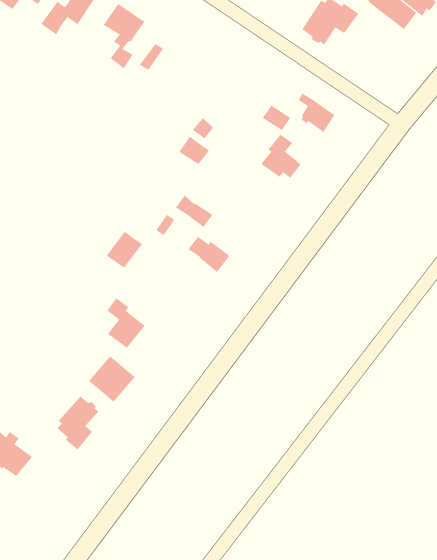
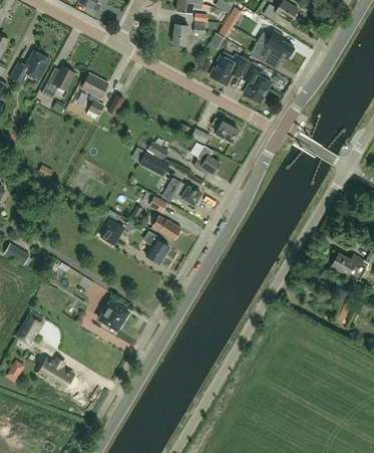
building: none -> [243,63,270,102]
building: none -> [162,182,201,205]
building: [107,298,145,349] -> [143,231,169,263]
building: [56,396,99,451] -> none

